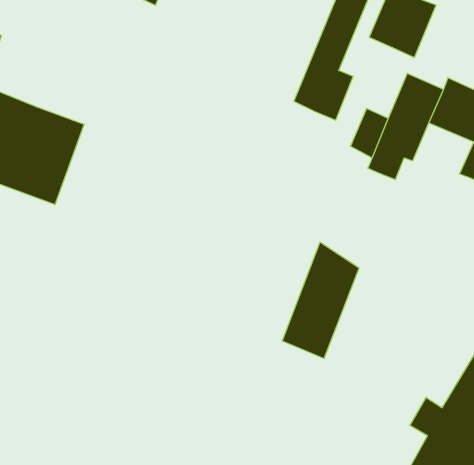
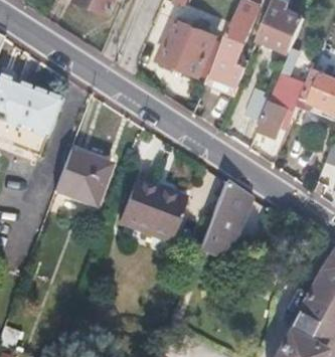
building: none -> [159,20,216,77]
building: none -> [55,149,111,205]
building: none -> [121,178,187,241]

